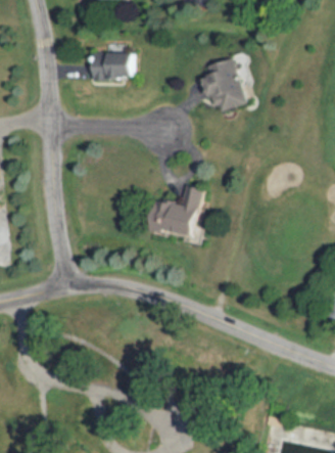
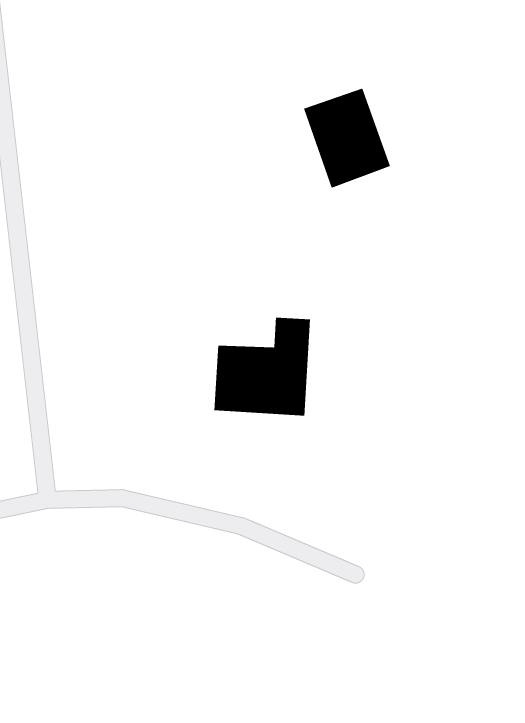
building: [92,52,134,80] -> none

